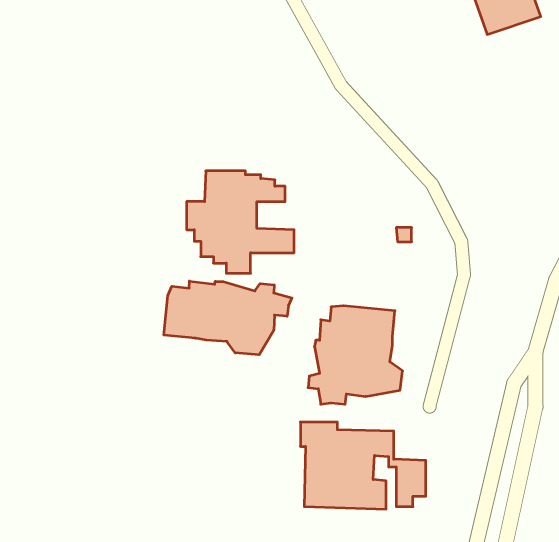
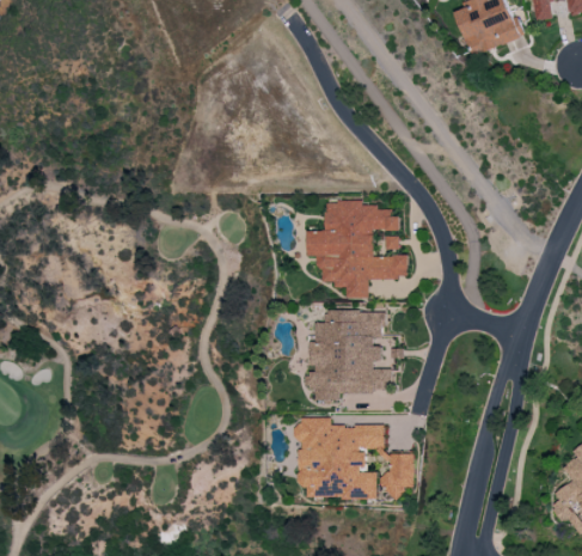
building: [187,171,294,273] -> [307,201,408,297]
building: [164,281,292,355] -> none

